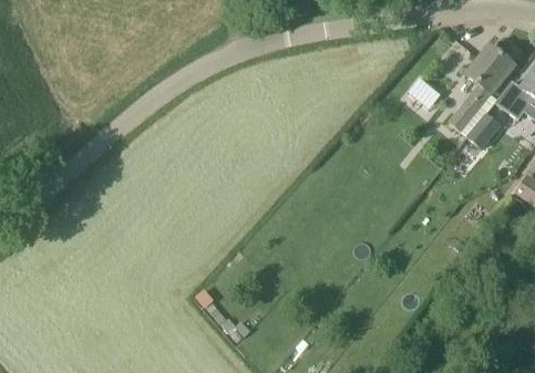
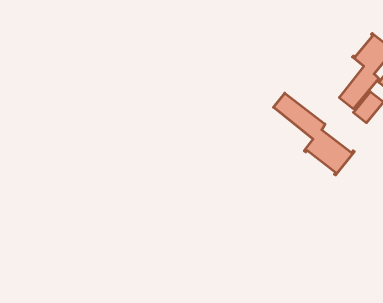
building: none -> [273,93,354,175]

